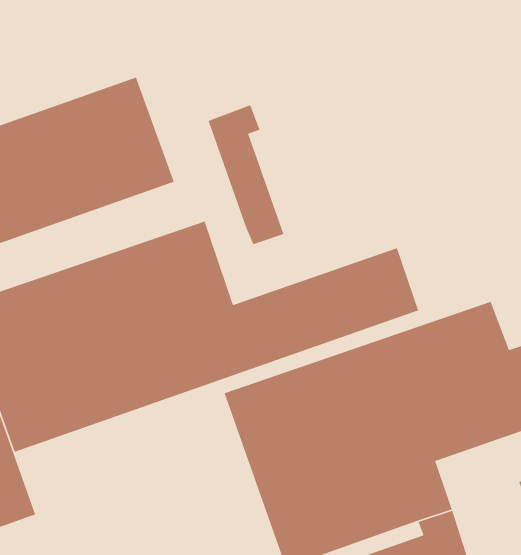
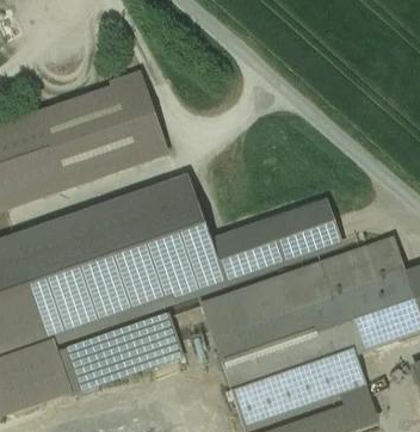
building: [208,104,284,245] -> none
building: none -> [57,314,183,390]

